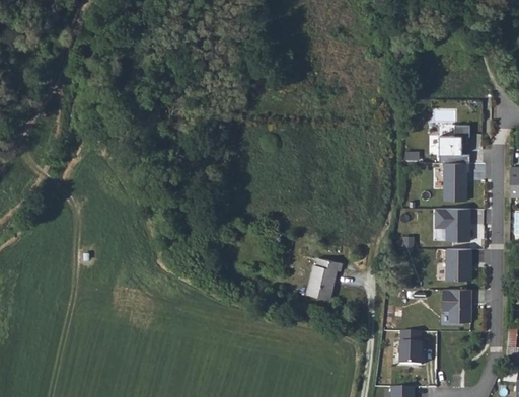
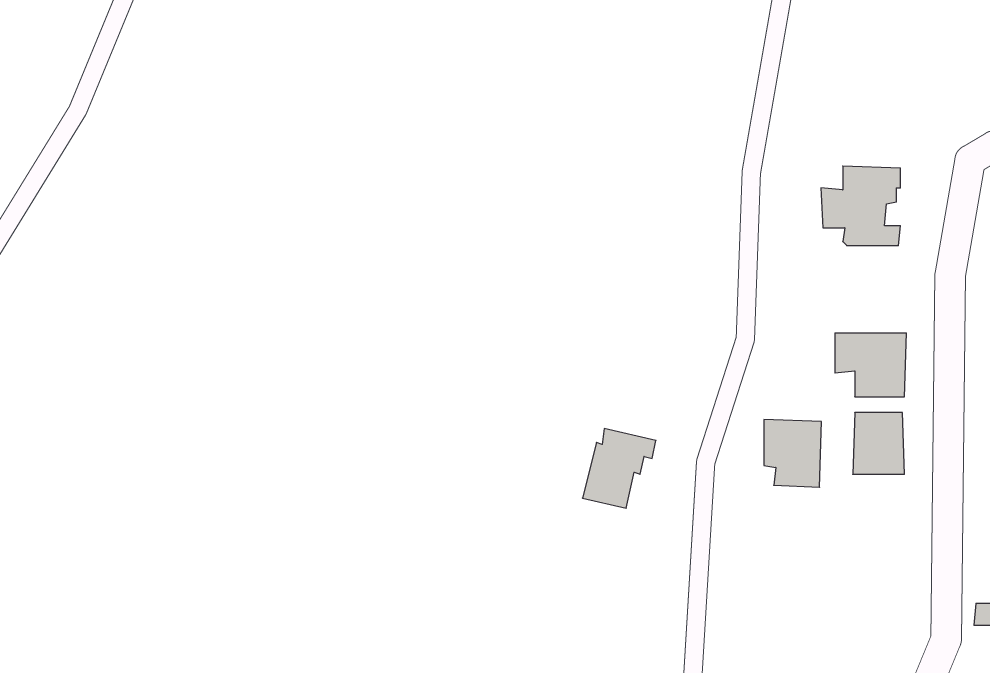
building: [442,163,466,203] -> none
building: [443,288,472,322] -> [764,420,821,487]
building: [400,330,422,364] -> none

